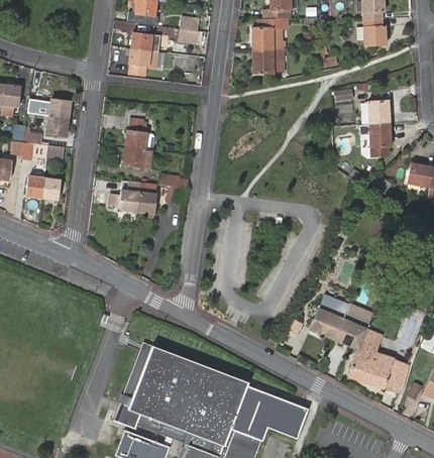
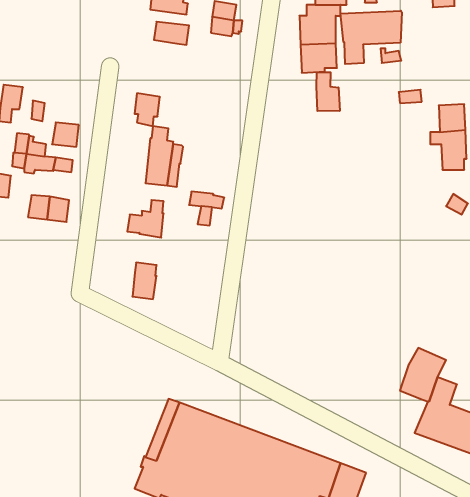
building: [362,19,386,45] -> none
building: none -> [341,11,402,64]
building: [128,47,149,75] -> [135,93,160,126]
building: none -> [316,72,340,111]
building: [48,97,70,118] -> none
building: [136,184,156,214] -> [132,263,157,299]
building: [310,293,350,339] -> none

